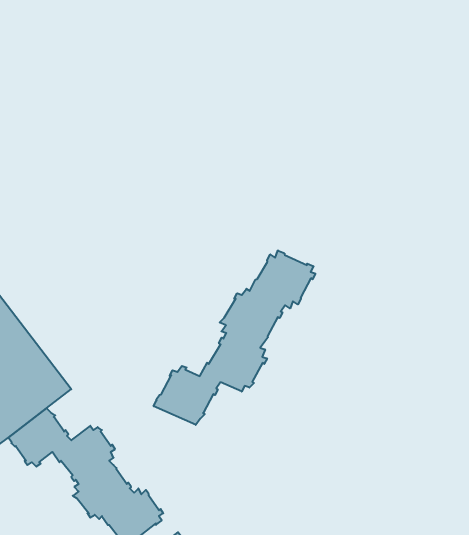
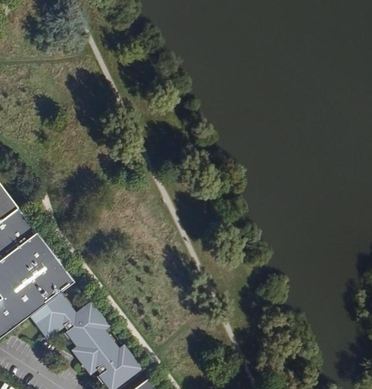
building: [154,250,315,425] -> none

